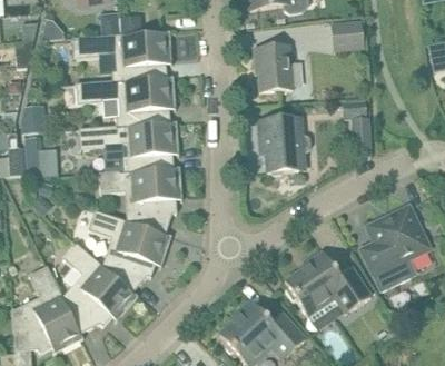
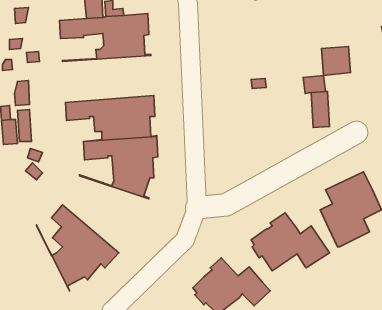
building: [332,19,364,51] -> [321,47,350,76]
building: [254,43,293,90] -> none
building: [76,76,177,128] -> none
building: [259,116,312,170] -> none
building: [76,209,171,295] -> none
building: [12,265,83,352] -> none

